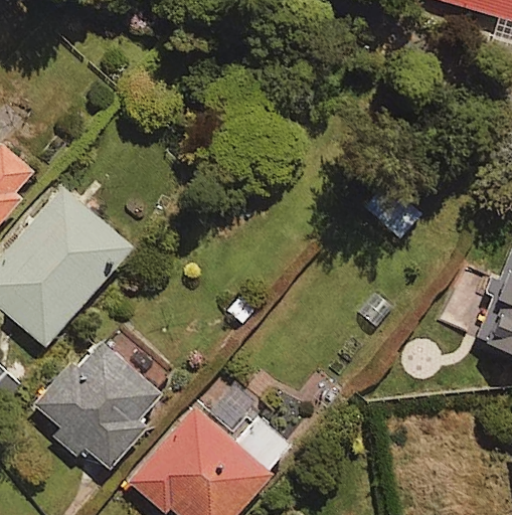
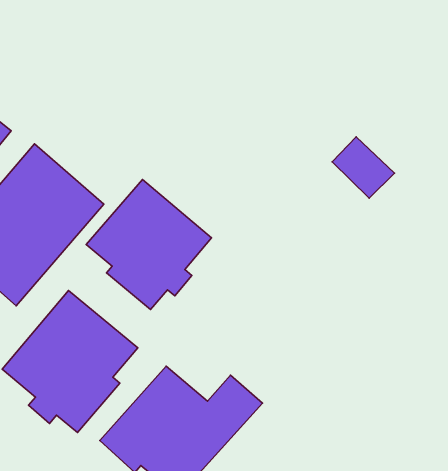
building: none -> [86,179,212,309]

